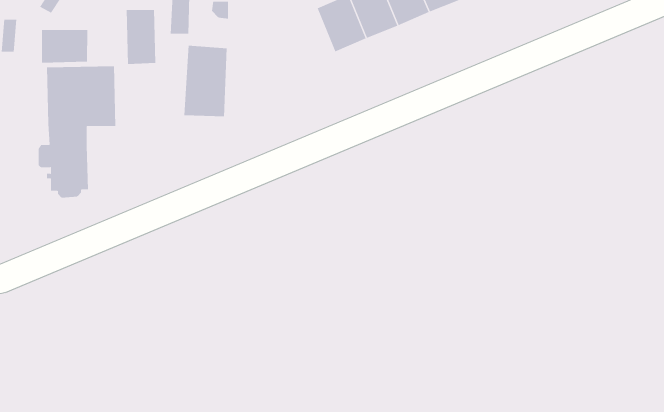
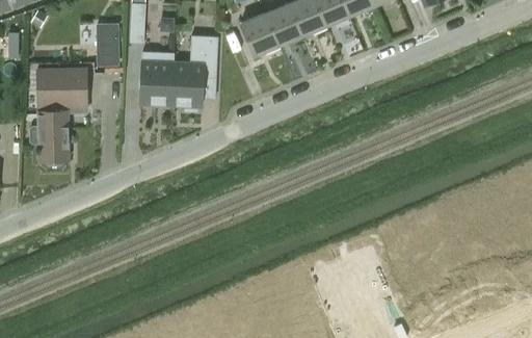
building: none -> [171,35,218,111]
building: [41,29,88,63] -> none

